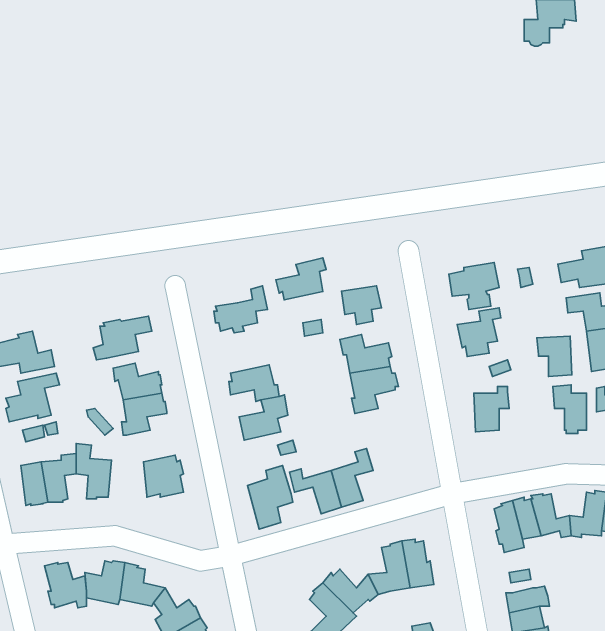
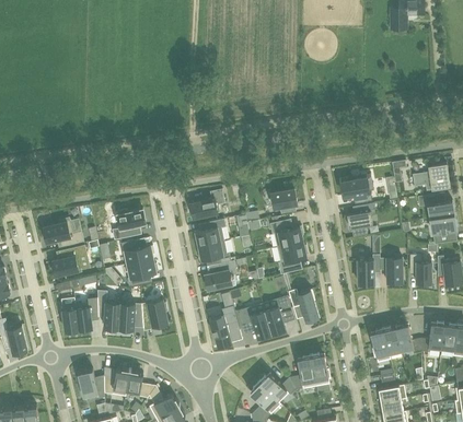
building: [276,258,326,300] -> [193,219,225,246]
building: [537,336,572,376] -> [379,257,402,283]
building: none -> [288,289,319,321]
building: none -> [118,303,143,329]

